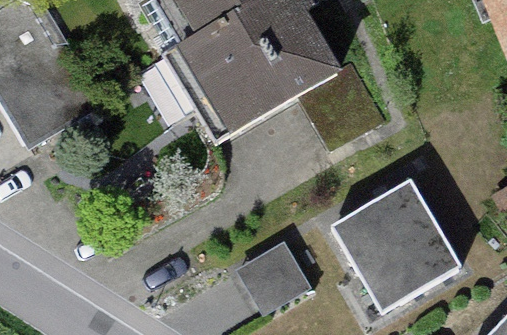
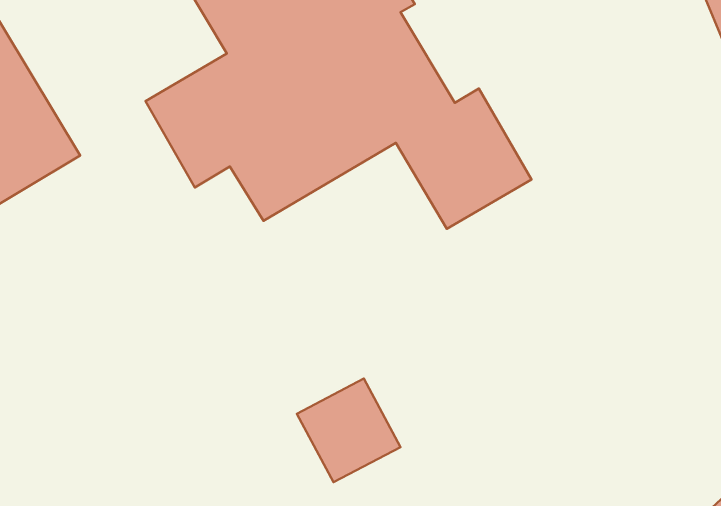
building: [332,178,459,310] -> none

